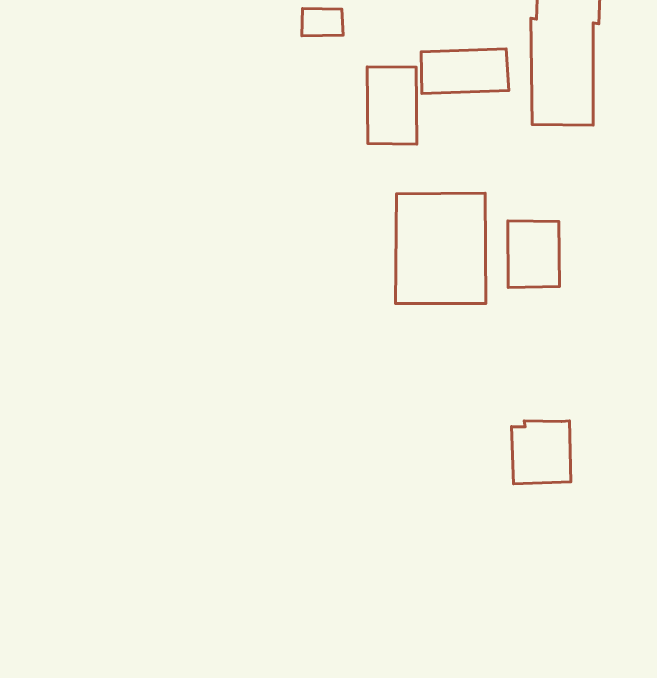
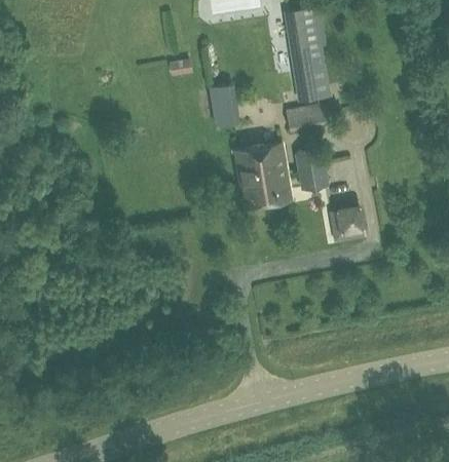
building: [421,49,509,93] -> [285,101,334,131]
building: [511,421,571,484] -> [328,203,364,241]

